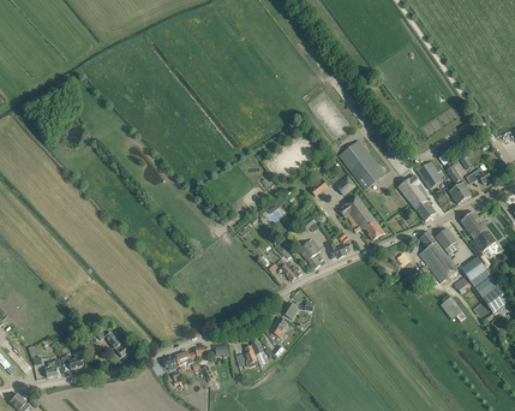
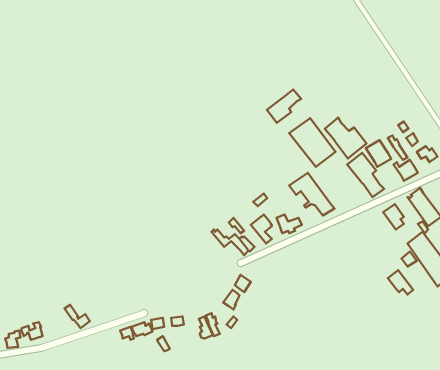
building: none -> [267,90,301,123]
building: none -> [325,118,366,158]
building: [418,231,456,282] -> none

